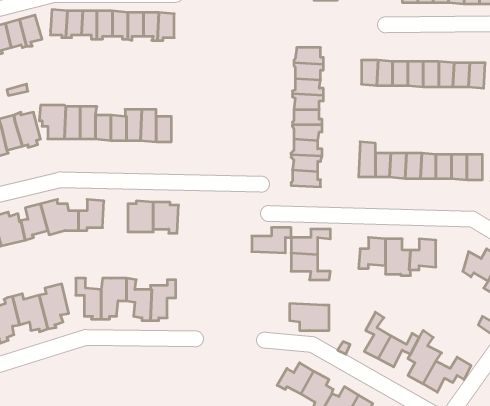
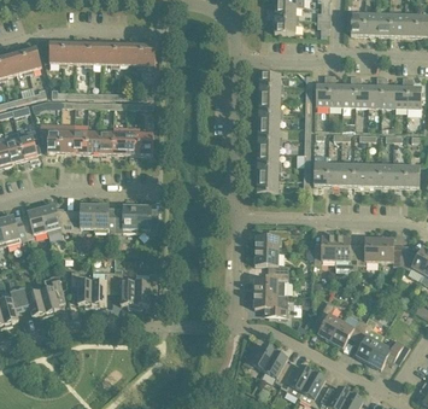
building: none -> [93,204,115,230]
building: [252,228,291,253] -> [253,271,287,293]
building: none -> [379,238,406,264]

